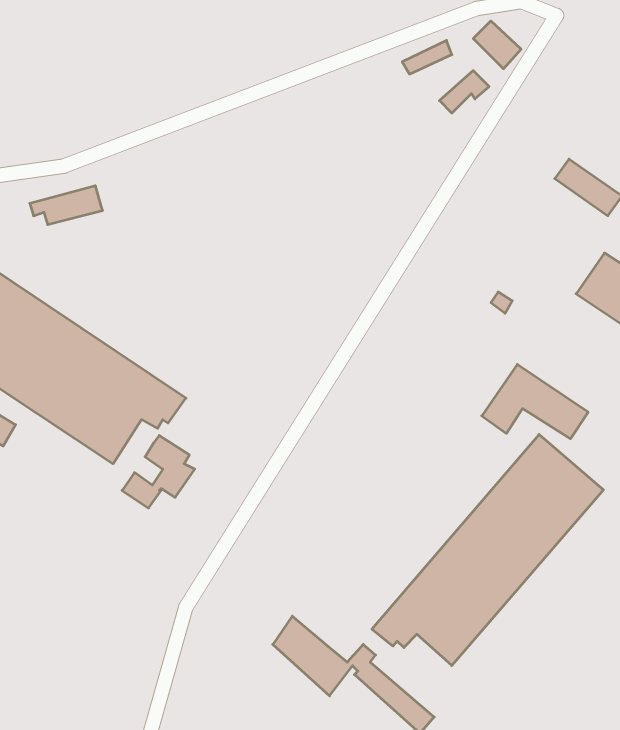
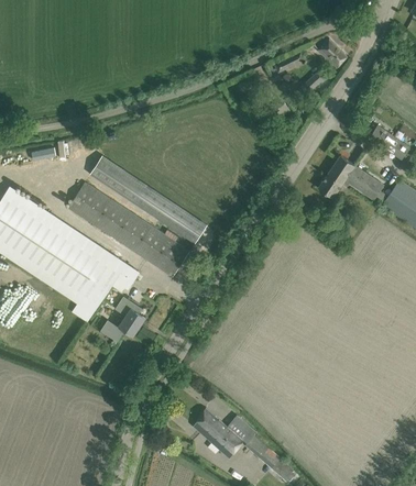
building: none -> [90,155,207,242]
building: none -> [68,183,189,276]
building: [482,364,588,439] -> [318,155,384,201]
building: [372,434,603,666] -> none

